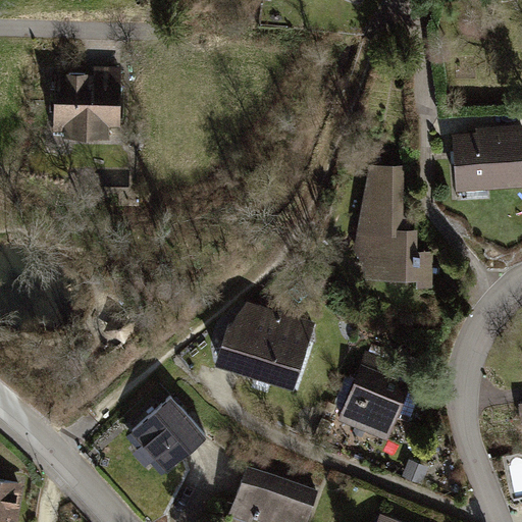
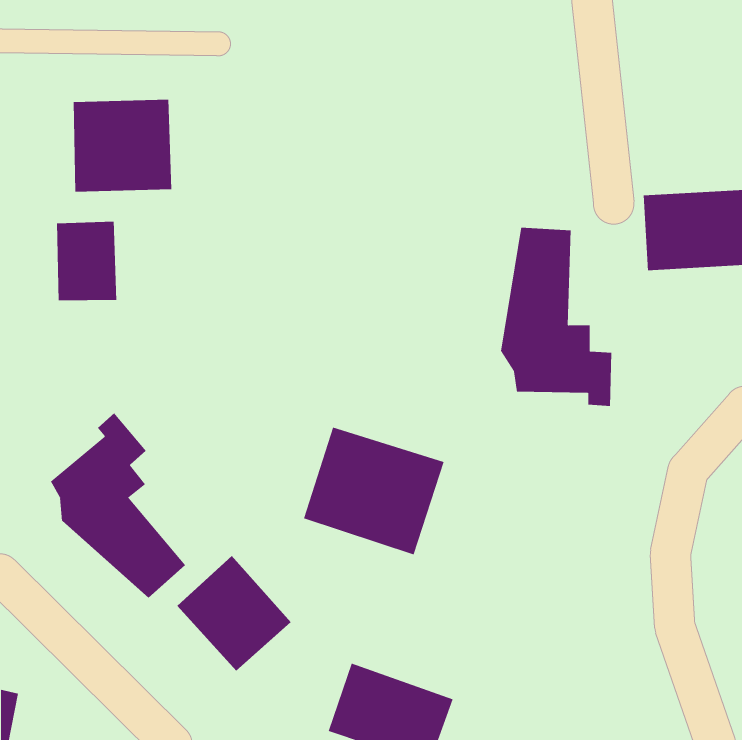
building: none -> [56,221,117,301]
building: none -> [50,412,186,599]
building: [337,364,410,440] -> none

